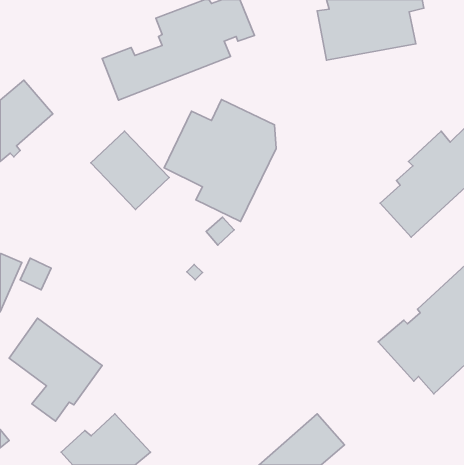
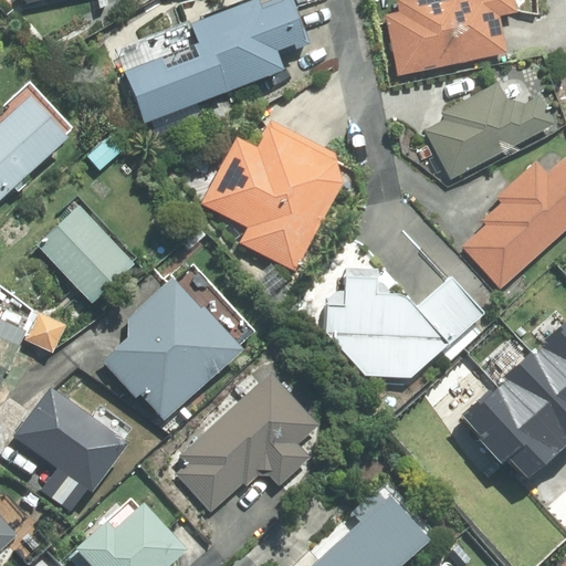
building: none -> [424,82,554,178]
building: [91,131,169,209] -> [38,206,133,301]
building: none -> [325,265,483,377]
building: none -> [102,277,243,419]
building: none -> [176,371,318,512]

